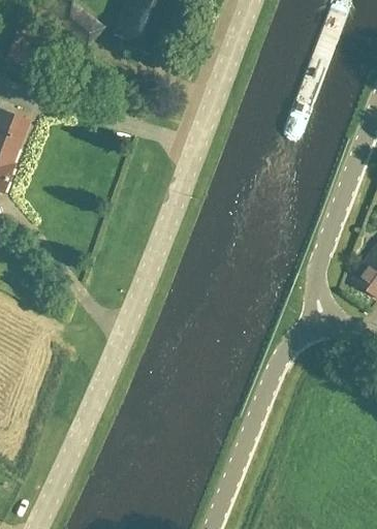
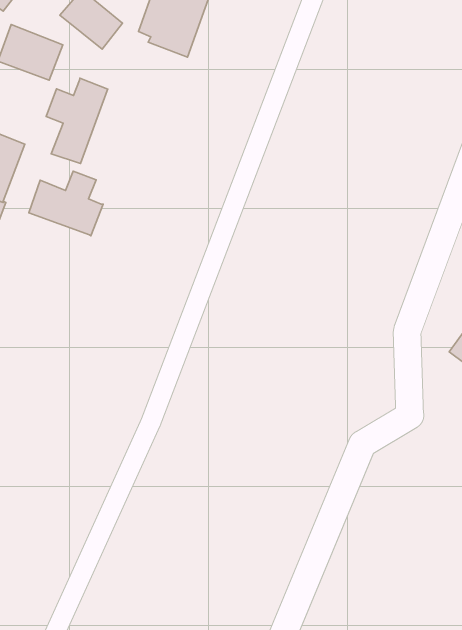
building: none -> [46,78,108,164]
building: none -> [29,171,103,236]

